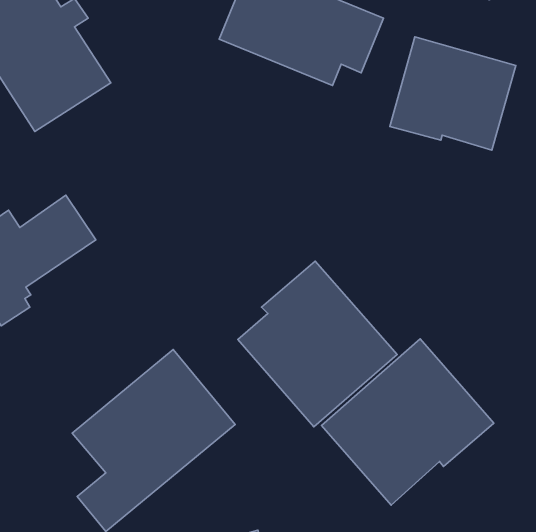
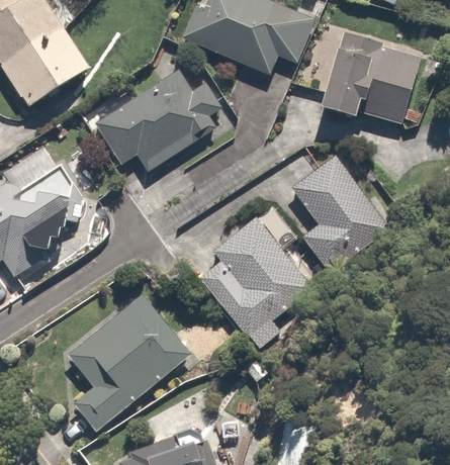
building: none -> [93,69,222,170]
building: none -> [289,154,393,280]
building: [322,339,494,505] -> none

